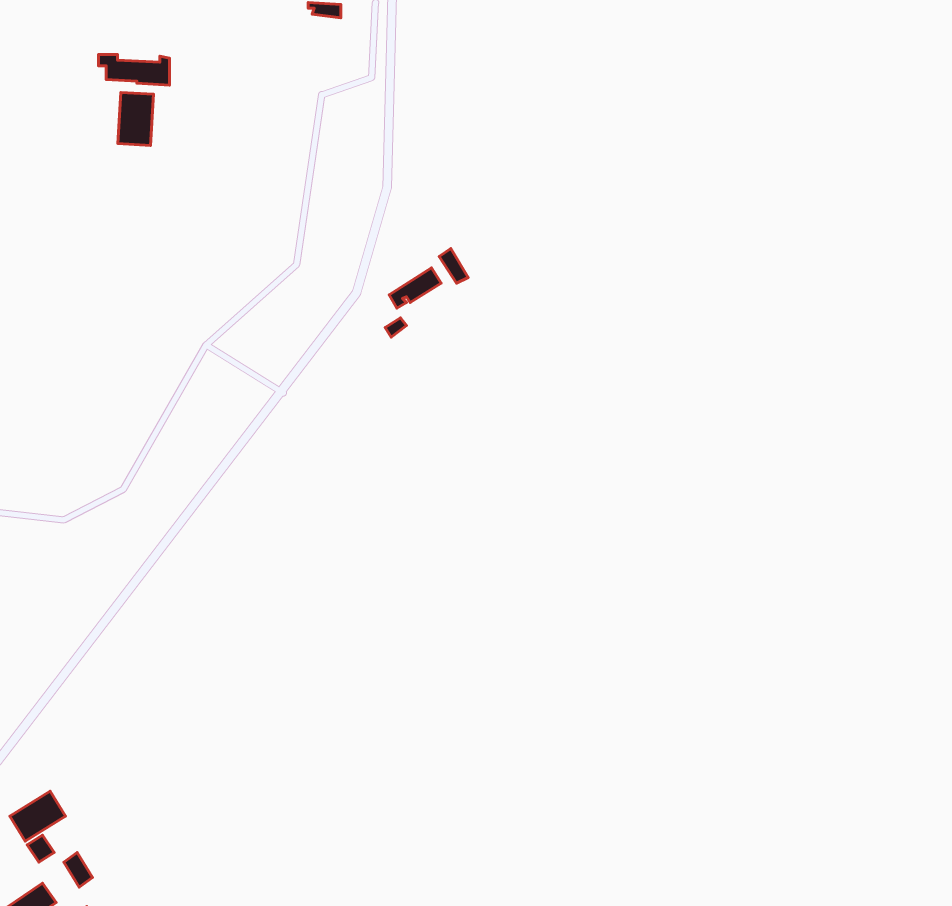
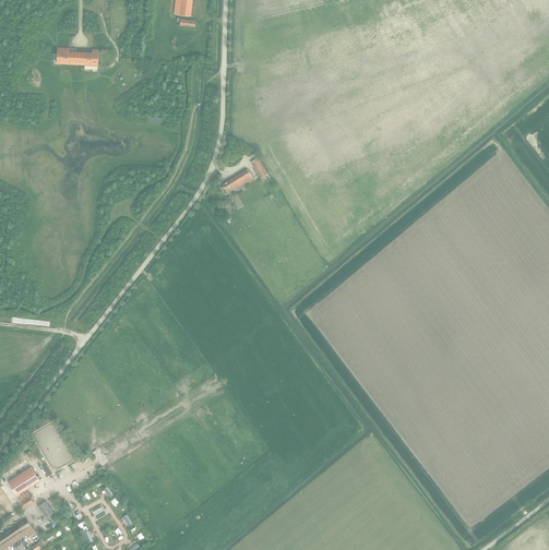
building: [118,92,154,145] -> none

